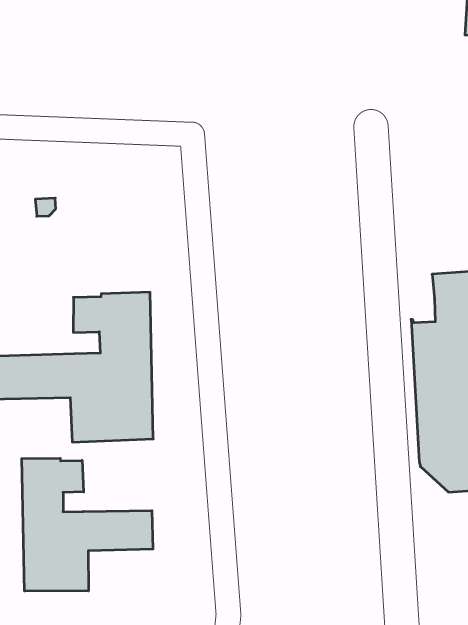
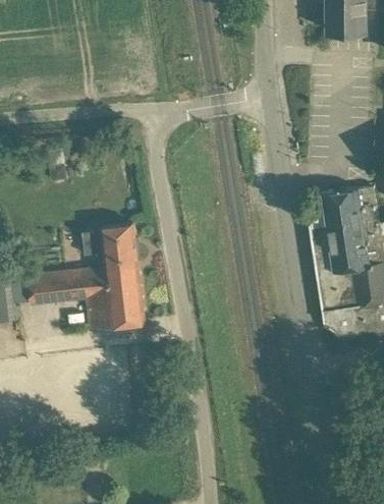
building: [22,458,153,591] -> none

